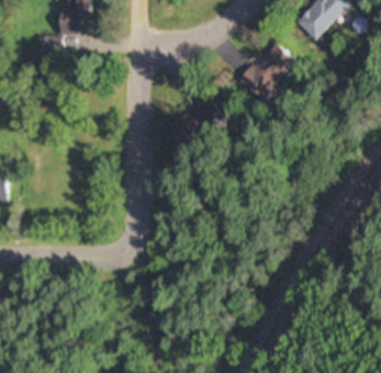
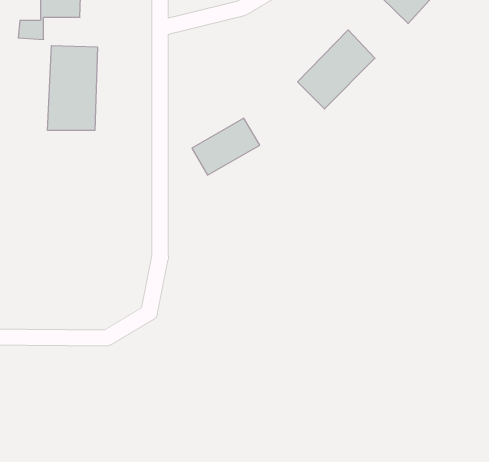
building: none -> [48,46,97,130]

